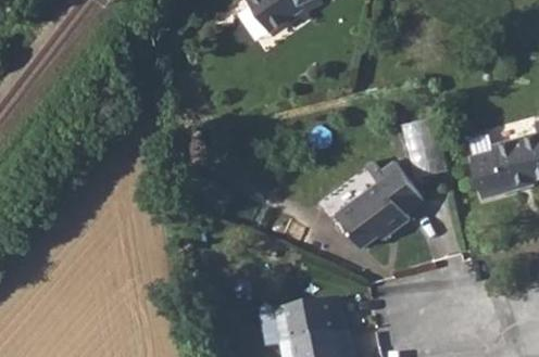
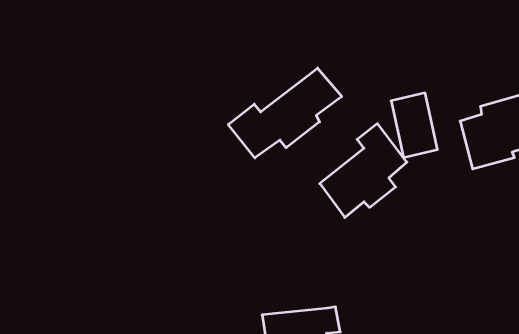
building: none -> [228,68,342,158]
building: [275,295,342,337] -> none

